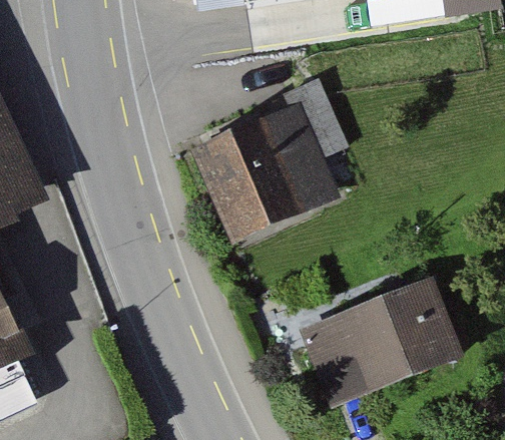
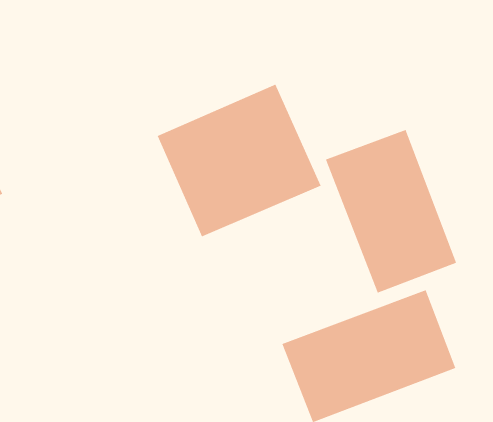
building: none -> [325,129,457,293]

